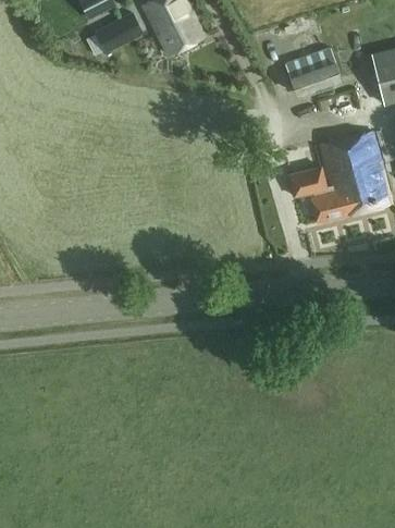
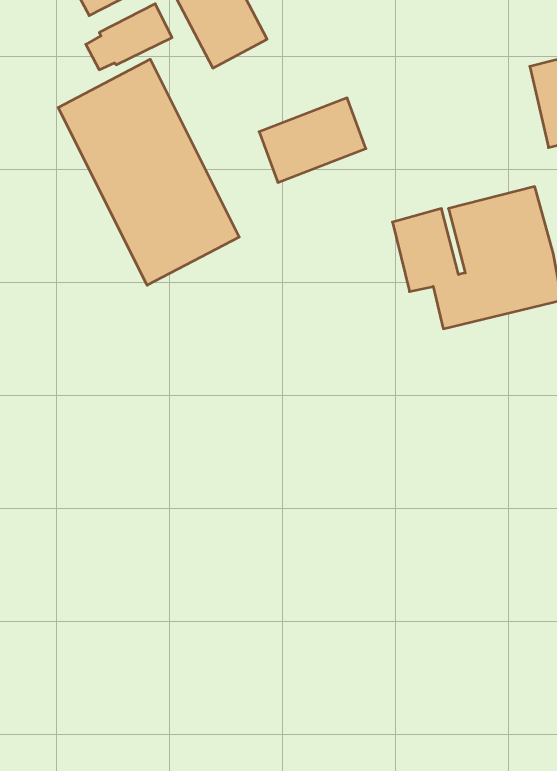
building: [284,42,353,97] -> [259,98,366,182]
building: none -> [58,59,239,285]

